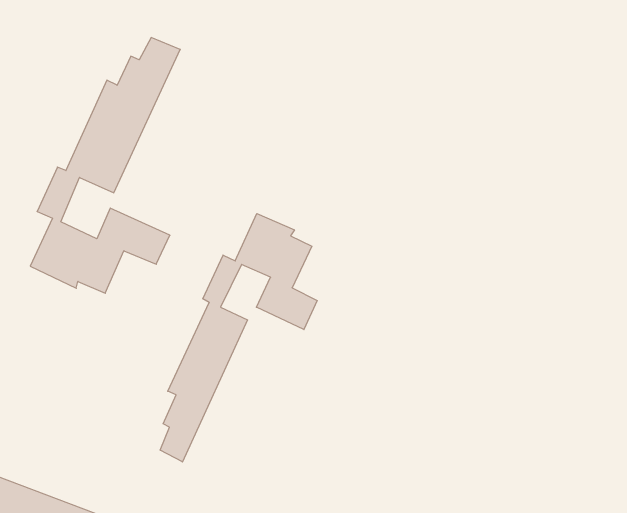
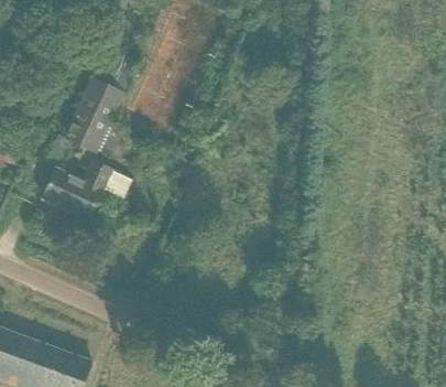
building: [160,214,317,462] -> none

